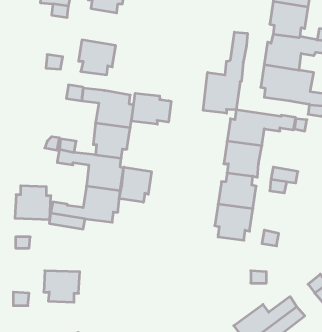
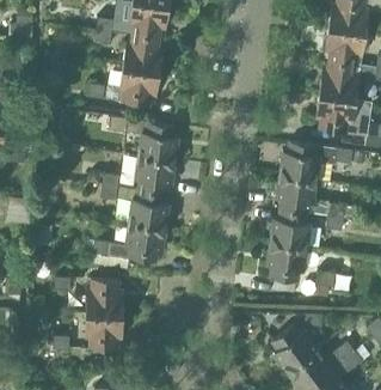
building: none -> [125,33,165,73]
building: [203,32,247,113] -> none
building: [132,93,171,124] -> none
building: [119,167,151,202] -> none
building: [15,186,51,219] -> [86,278,124,313]
building: none -> [270,324,318,371]

